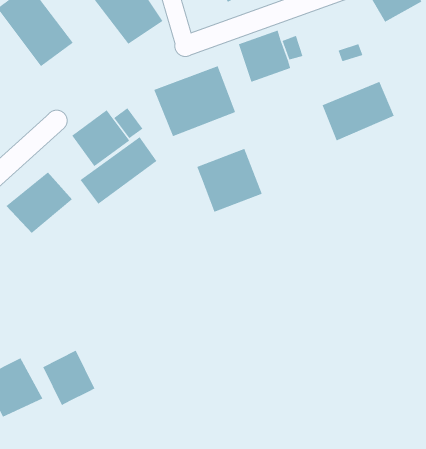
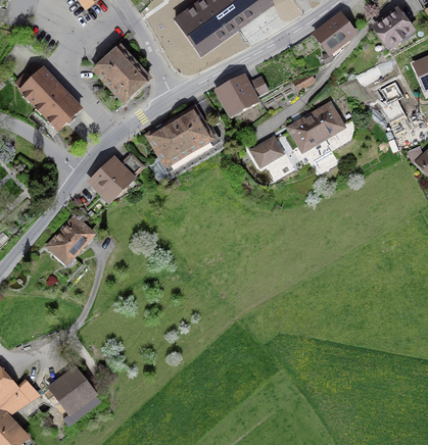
building: none -> [249,136,284,167]
building: [79,136,158,205] -> none
building: [196,148,263,213] -> none
building: [42,350,95,406] -> none

